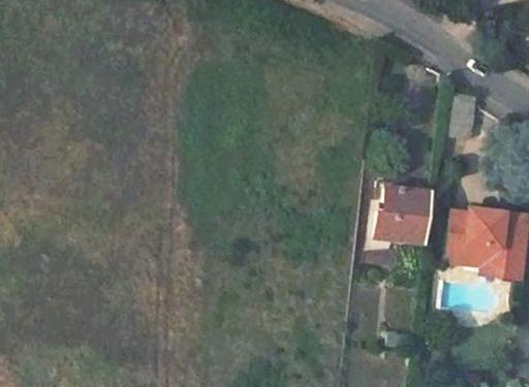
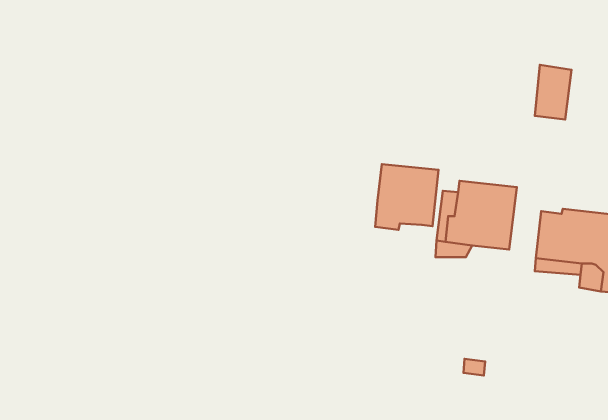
building: none -> [375,164,439,230]

